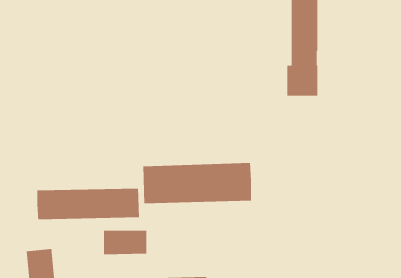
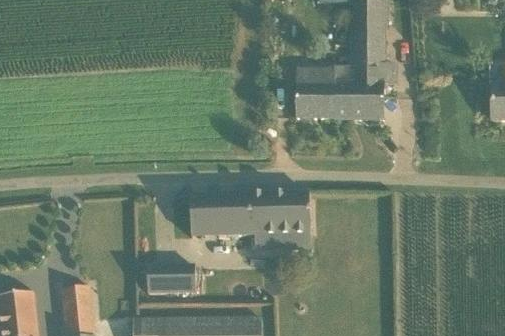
building: none -> [297,68,349,120]
building: [37,188,139,220] -> none

